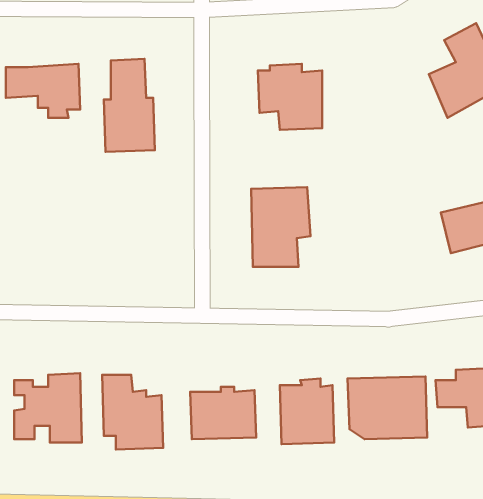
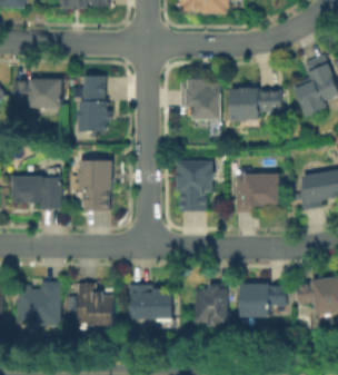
building: none -> [229,88,284,121]
building: none -> [78,159,113,213]
building: none -> [231,172,279,210]
building: none -> [16,177,63,211]

